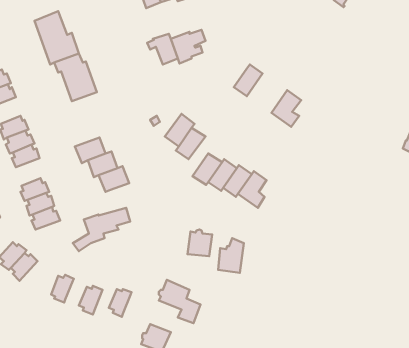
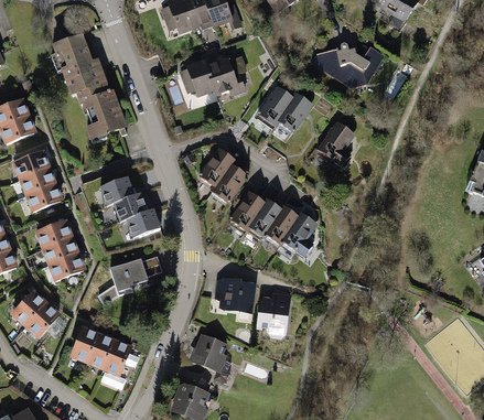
building: none -> [312,43,384,83]
building: none -> [259,89,291,125]
building: [109,289,132,317] -> [88,336,114,367]

